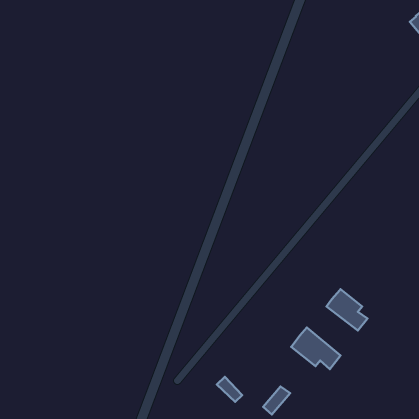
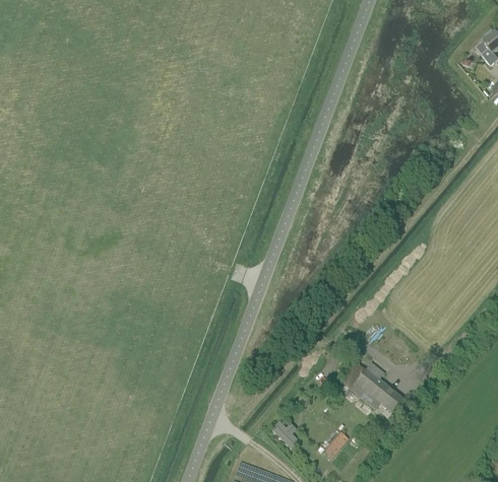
building: [327,289,368,331] -> none

